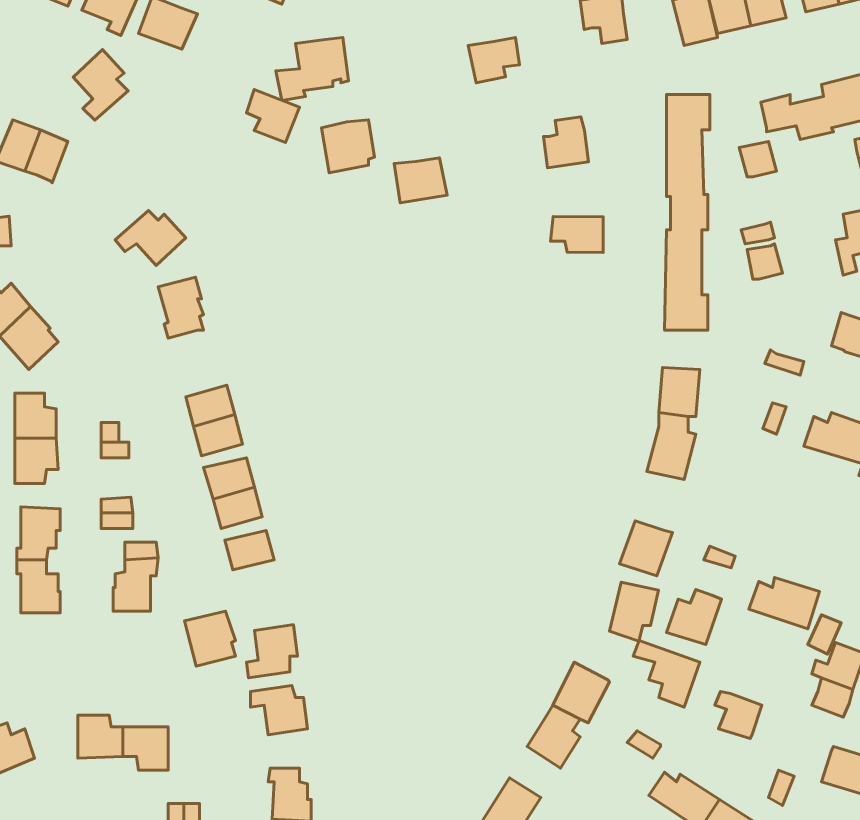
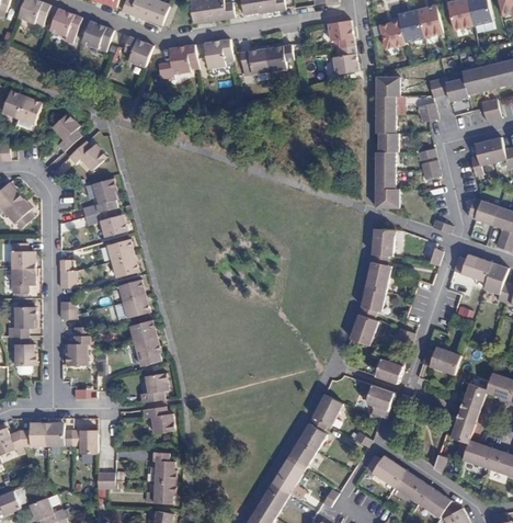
building: [73,50,128,120] -> [50,113,81,152]
building: [246,89,299,142] -> [123,37,152,67]
building: [543,117,589,168] -> [332,46,357,75]
building: [321,120,374,173] -> [203,39,232,69]
building: [394,158,447,203] -> [239,49,269,75]
building: [550,217,603,252] -> none
building: none -> [96,208,126,238]
building: [609,582,658,641] -> [357,287,385,320]
building: [184,611,235,666] -> [133,337,161,367]
building: [715,691,762,739] -> [447,417,474,443]
building: none -> [16,423,46,447]
building: none -> [287,441,316,469]

